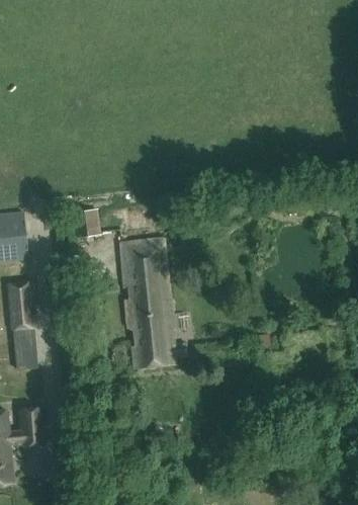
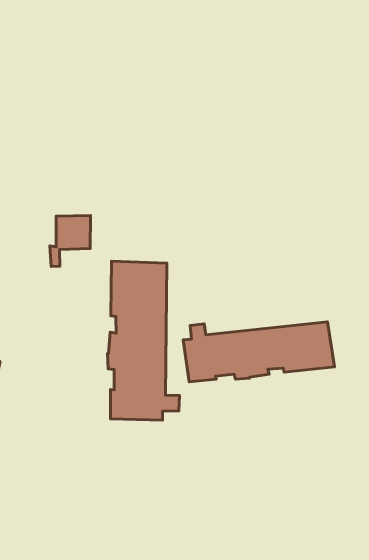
building: none -> [183,322,334,382]

